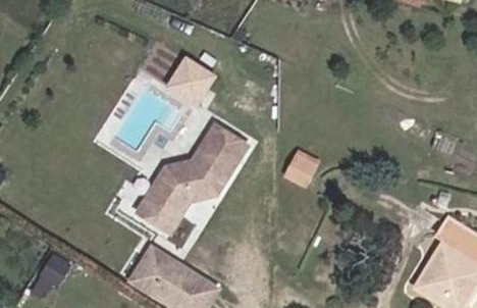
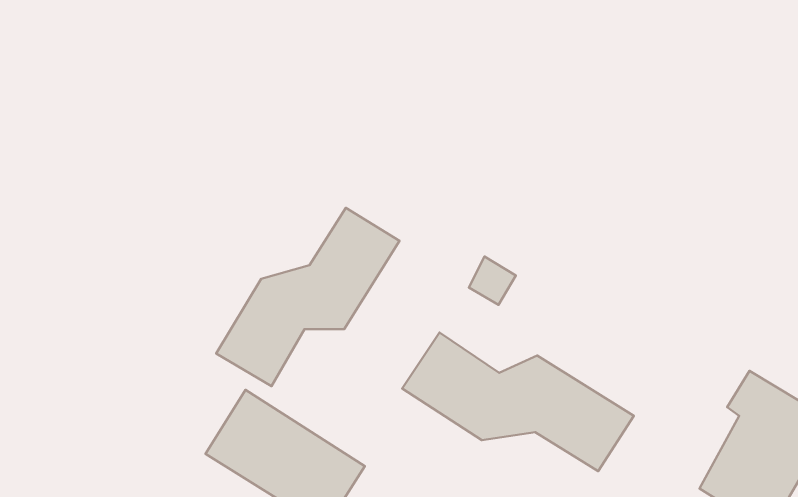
building: [168,48,217,96] -> none
building: none -> [402,332,634,471]

